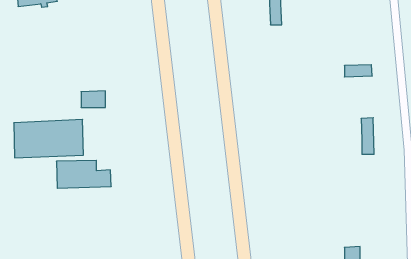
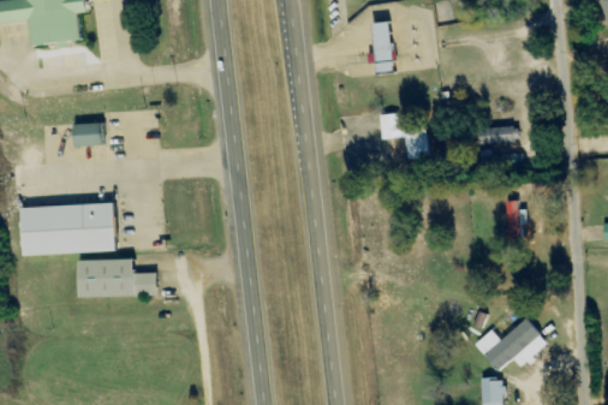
building: none -> [378,113,427,159]
building: [81,91,105,107] -> [71,123,105,145]
building: none -> [482,318,548,370]

